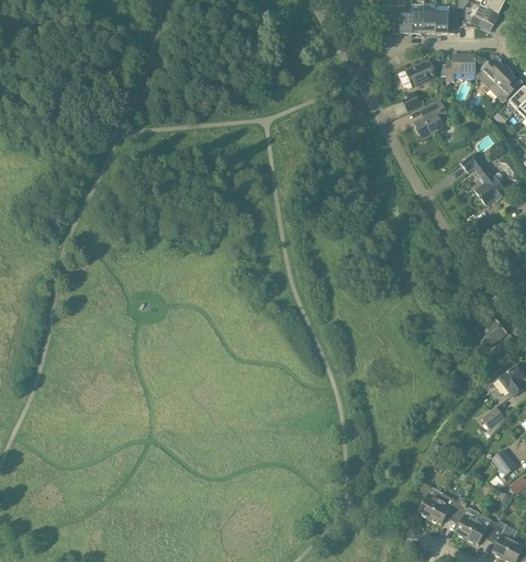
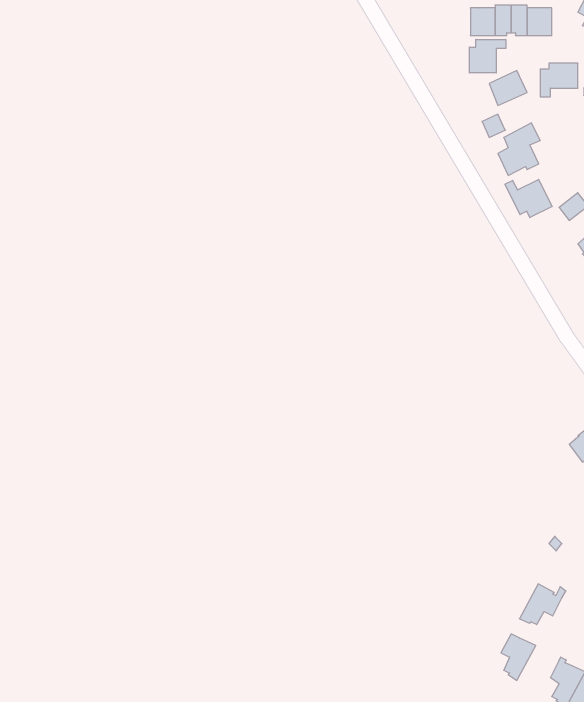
building: none -> [469,39,506,73]
building: none -> [505,179,552,218]
building: [428,493,463,524] -> [519,584,566,625]

